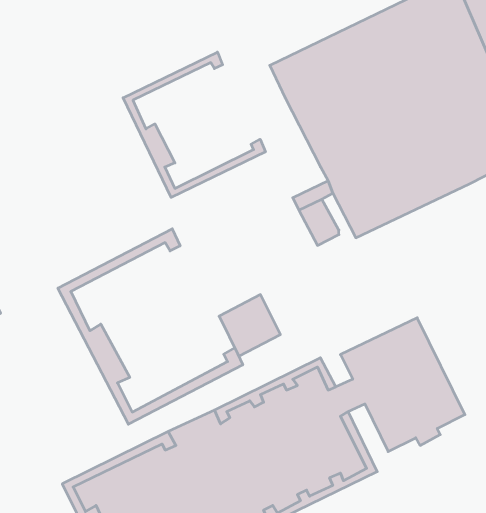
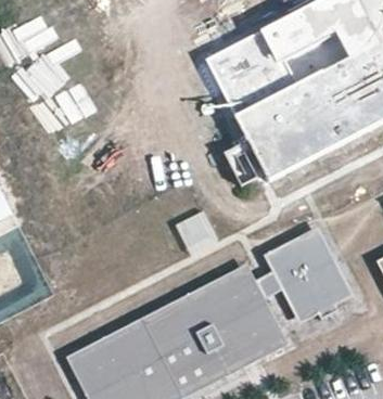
building: [123,52,265,197] -> none
building: [58,229,243,424] -> none

